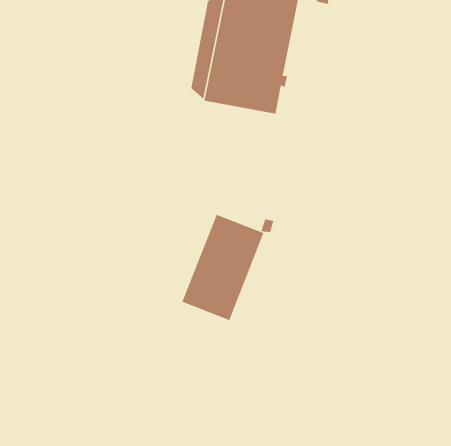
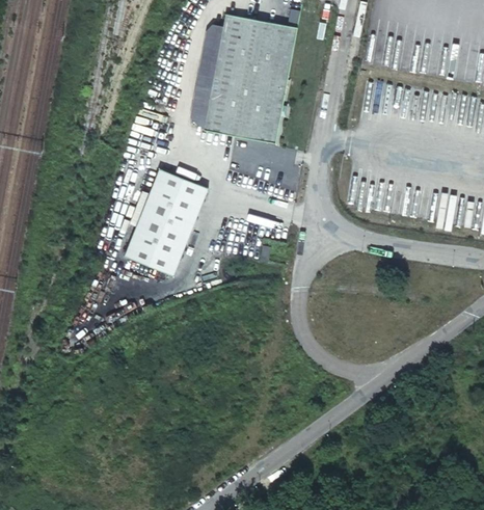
building: [182,214,264,321] -> [125,169,207,275]

